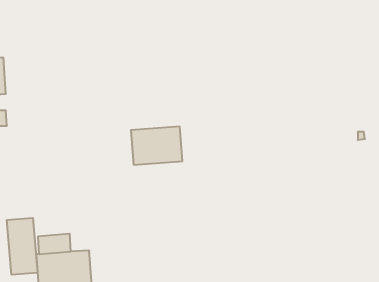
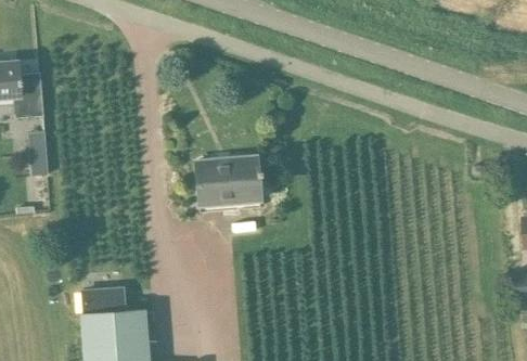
building: [7,218,38,275] -> none

